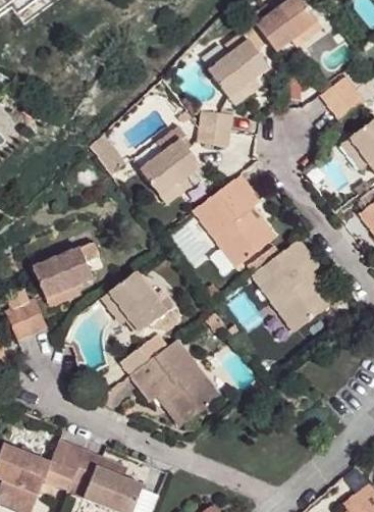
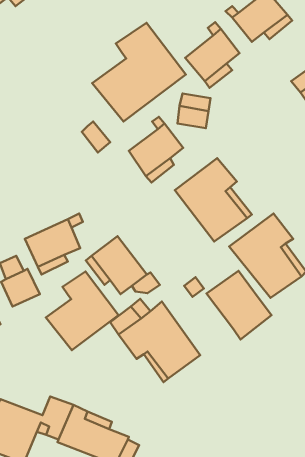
building: none -> [92,23,186,122]
building: none -> [207,271,272,339]
building: none -> [46,272,119,350]

